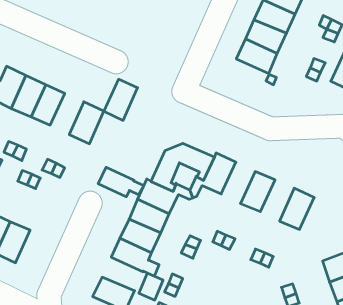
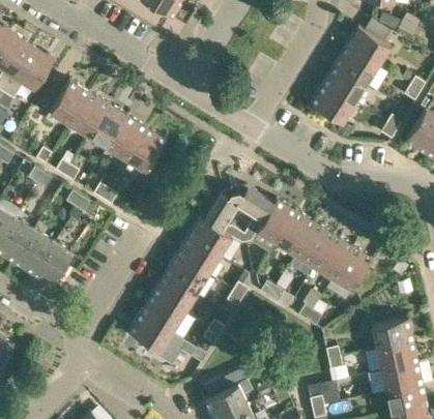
building: [104,79,138,120] -> [107,117,145,160]
building: none -> [276,212,314,256]
building: [98,167,144,197] -> none
building: none -> [314,236,352,279]
building: none -> [140,294,183,332]

